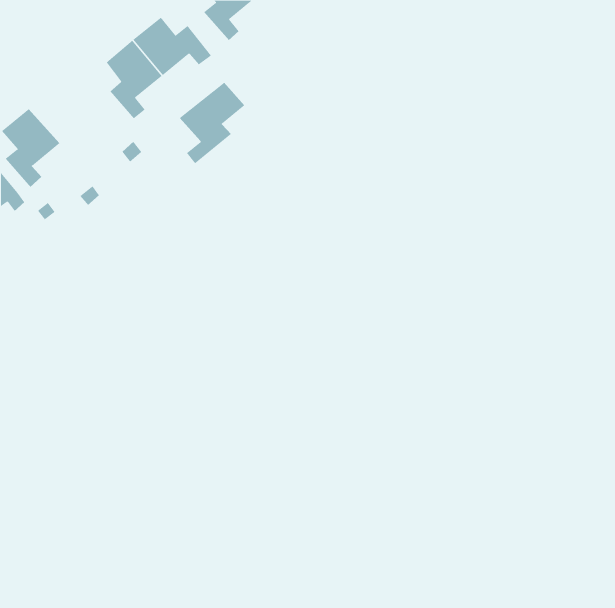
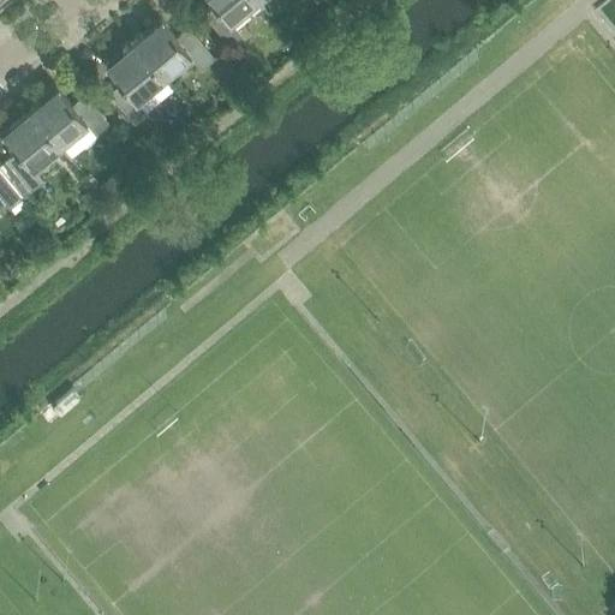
building: [179,82,245,164] -> none
building: none -> [29,91,108,162]

